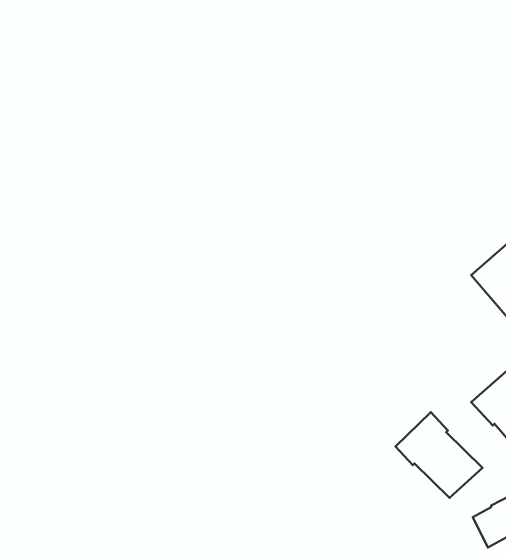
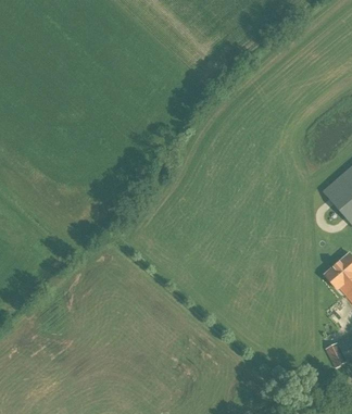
building: [396,412,482,498] -> none

